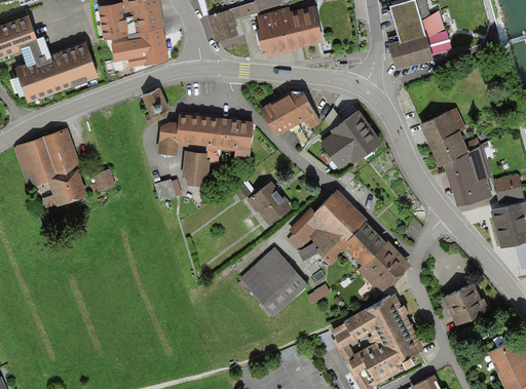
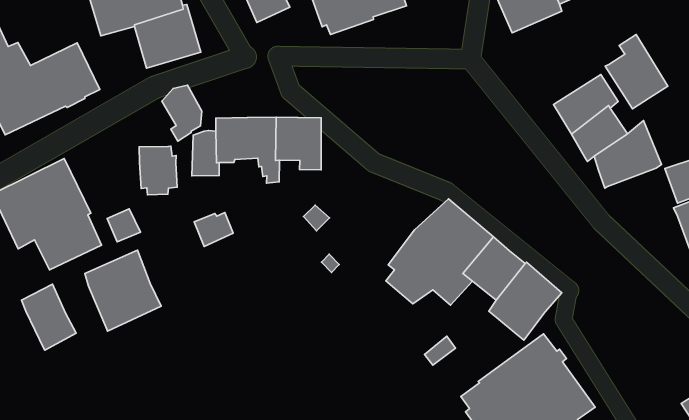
building: none -> [605,35,668,109]
building: [259,87,322,134] -> none
building: [321,106,381,165] -> none
building: [182,146,210,182] -> [139,146,177,195]
building: [246,179,292,223] -> none
building: [451,181,492,208] -> none
building: none -> [85,250,161,331]
building: none -> [21,284,76,350]
building: [238,245,308,315] -> none
building: [442,279,489,322] -> none

